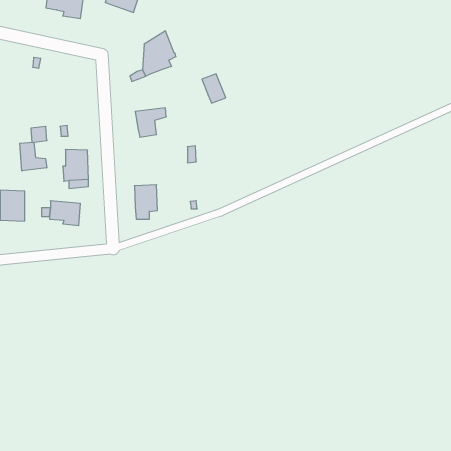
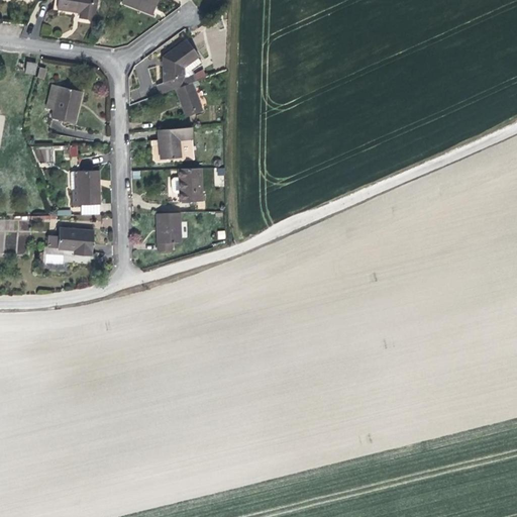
building: none -> [46,84,85,124]
building: [202,74,226,103] -> [172,79,199,112]
building: [20,142,47,171] -> none
building: none -> [177,167,206,201]

